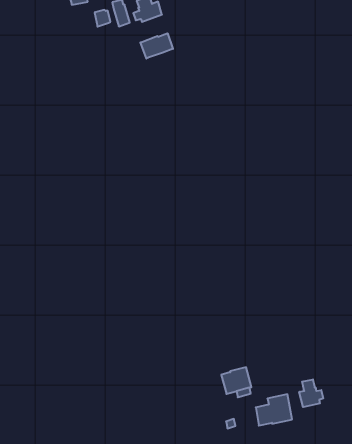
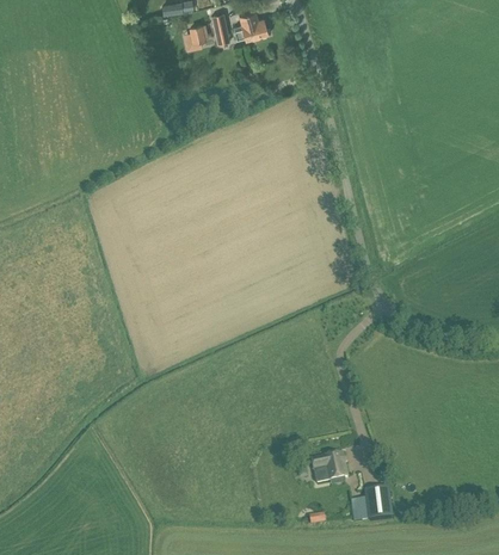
building: [140,33,173,59] -> none
building: [299,379,323,407] -> none

